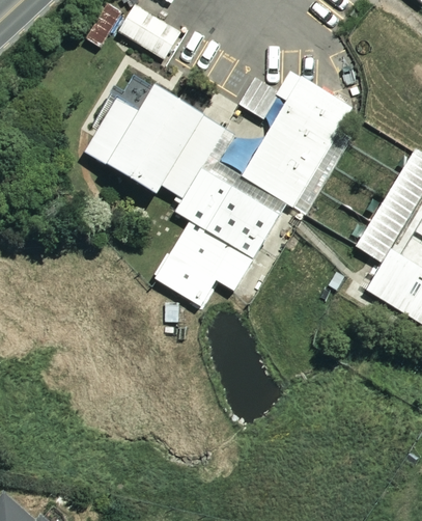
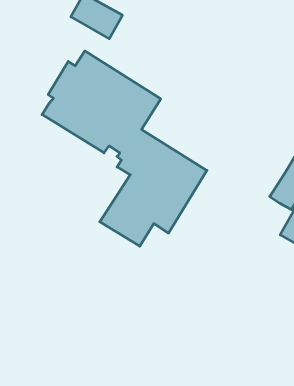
building: [238,70,354,207] -> none

